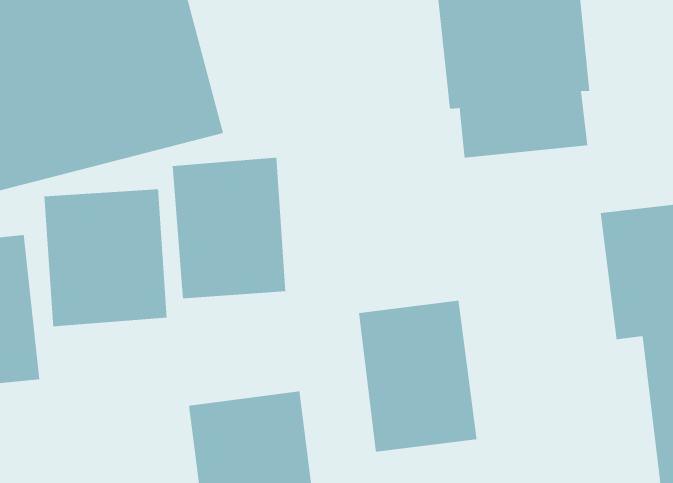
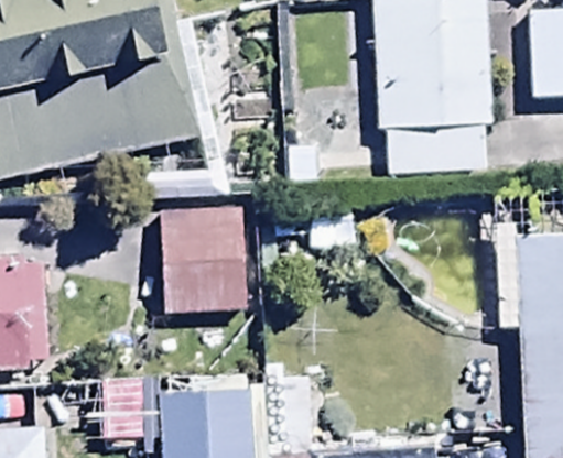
building: [44,189,167,327] -> none
building: [358,300,477,453] -> none

